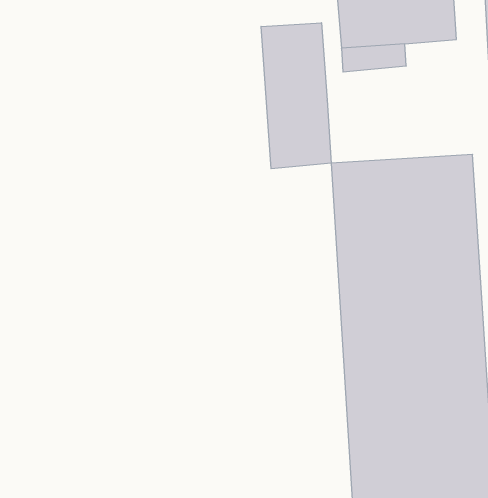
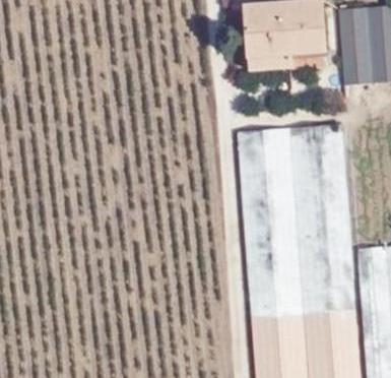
building: [261,23,331,169] -> none

